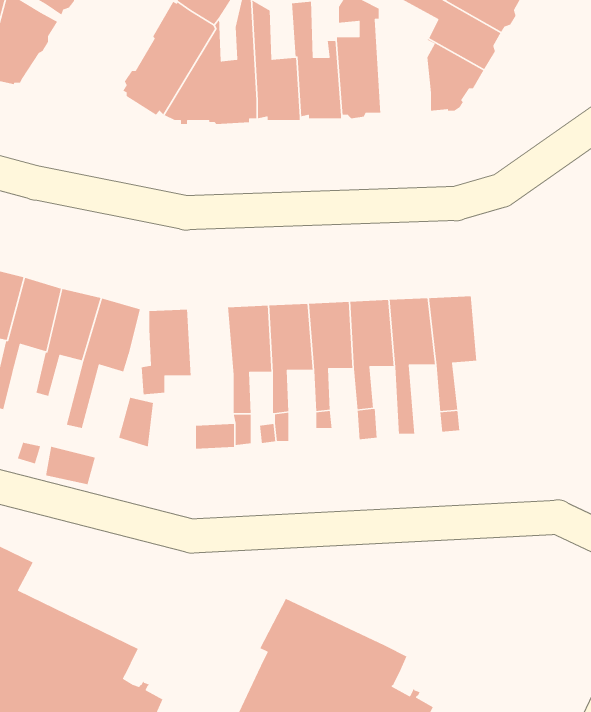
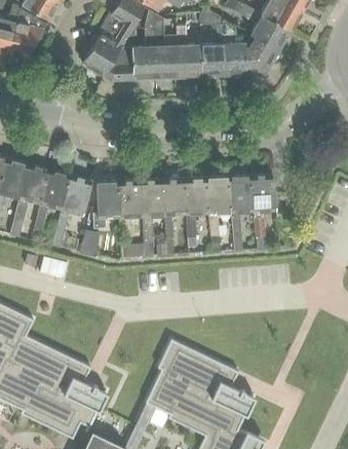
building: none -> [221,24,246,76]
building: none -> [118,181,143,219]

